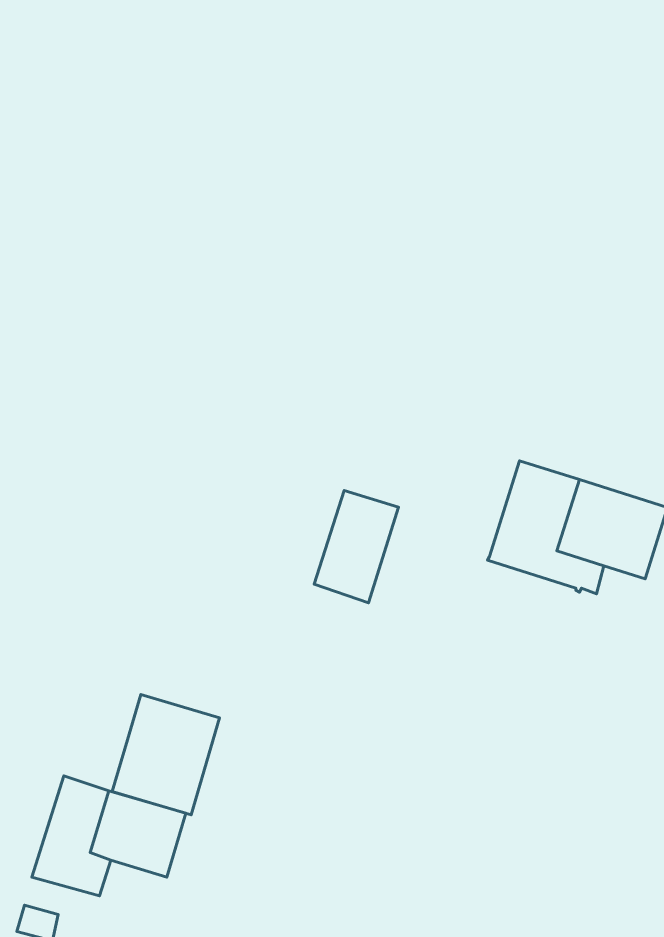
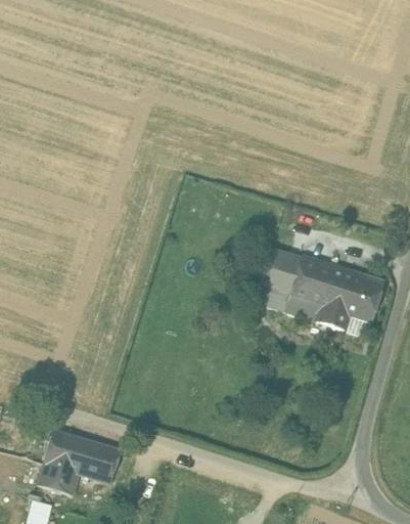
building: [314,490,398,603] -> [257,247,303,308]
building: [112,694,220,815] -> none

